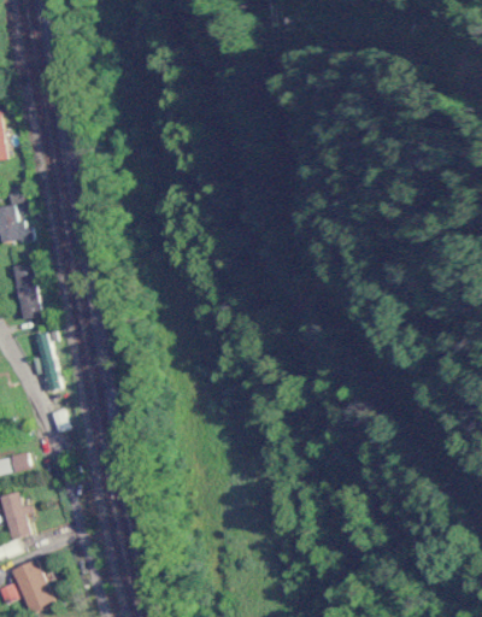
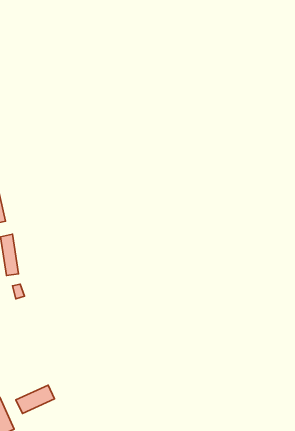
building: none -> [16,385,55,414]

